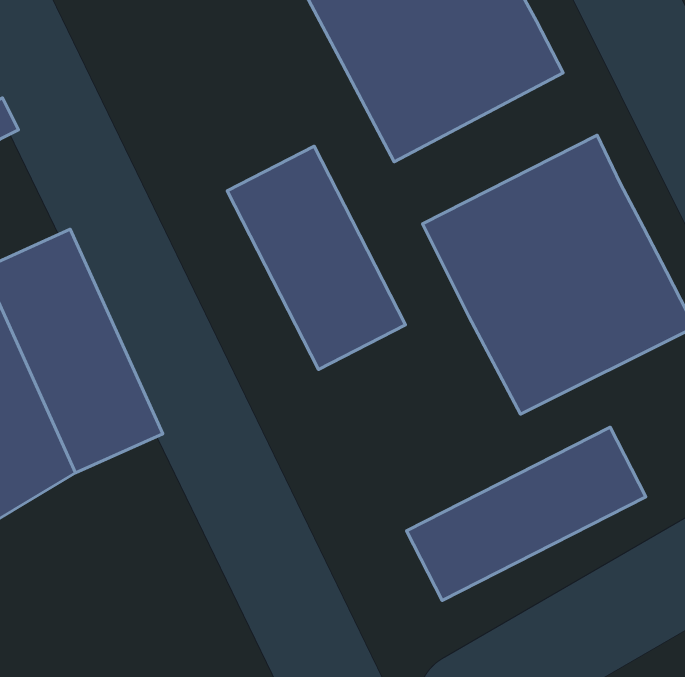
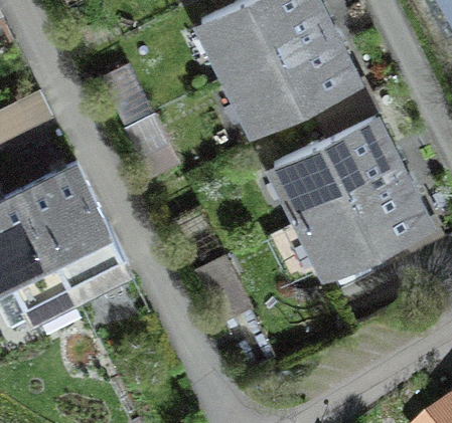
building: [227,146,405,369] -> none
building: [406,427,646,601] -> none

